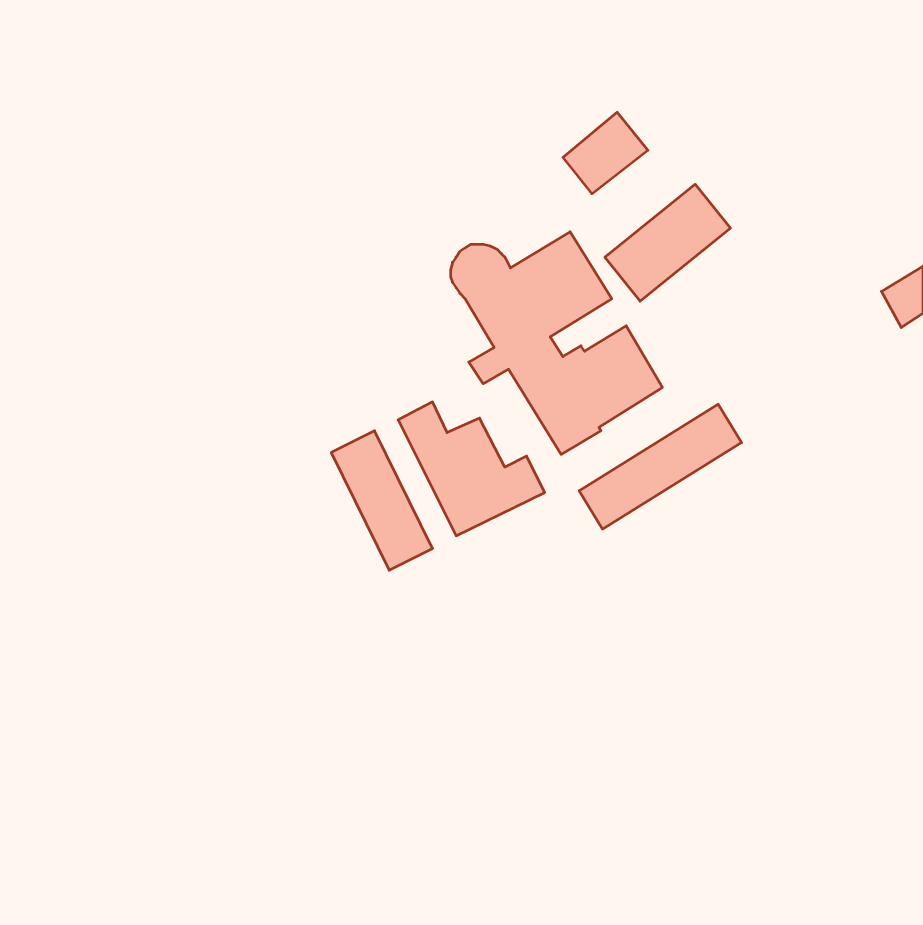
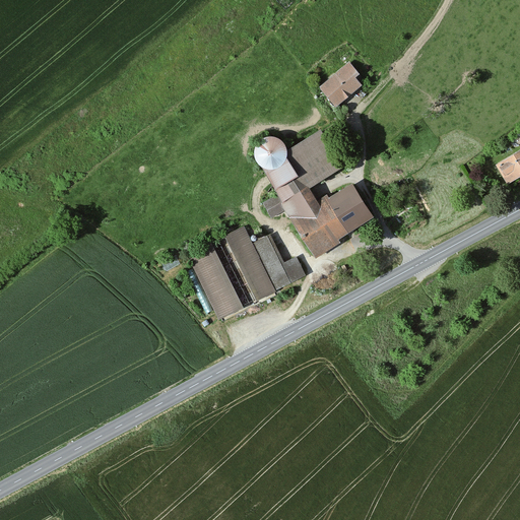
building: [605,184,730,301] -> none
building: [579,404,742,529] -> none

